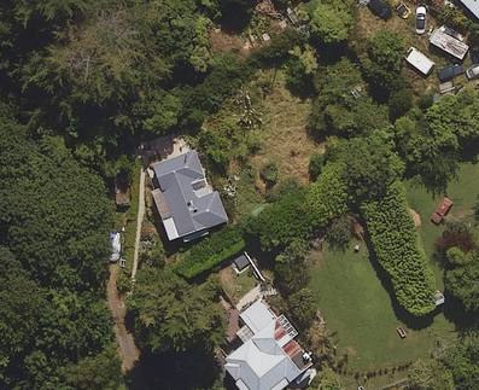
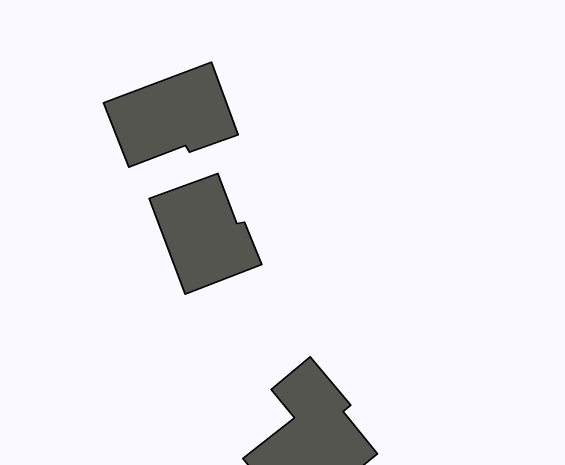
building: none -> [103,62,238,167]

